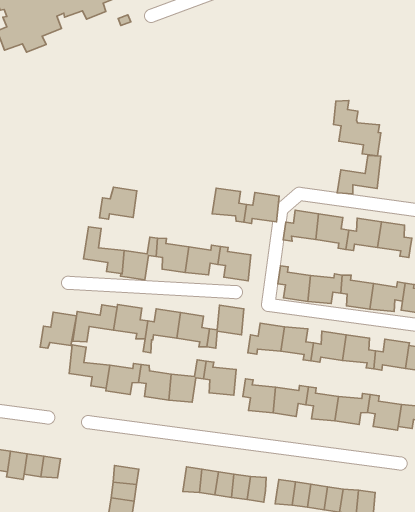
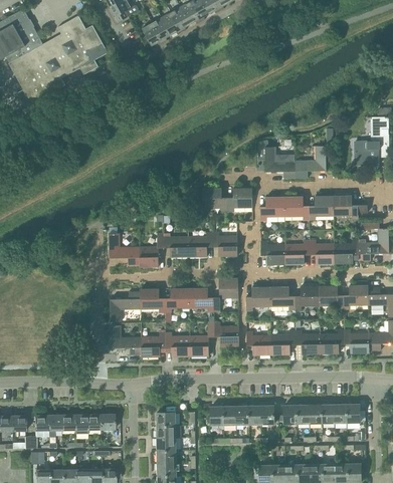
building: [334,101,381,156] -> [257,140,296,179]
building: [99,187,137,219] -> none
building: [40,312,76,348] -> none

